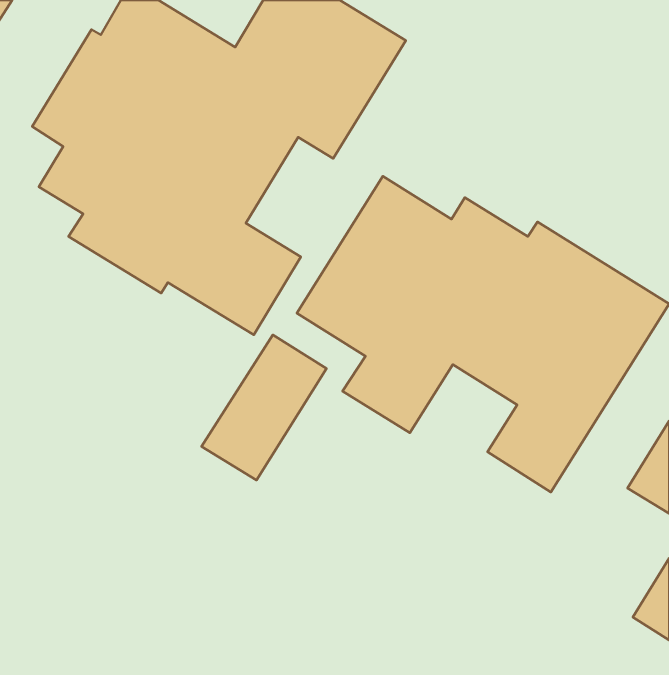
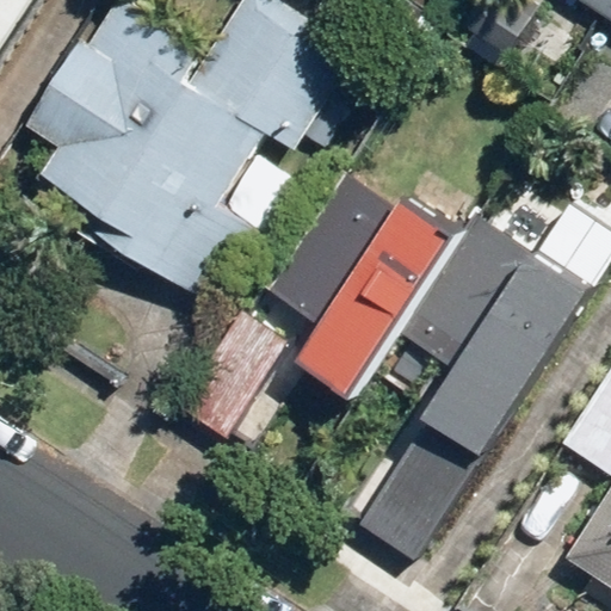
building: none -> [360,412,489,558]

